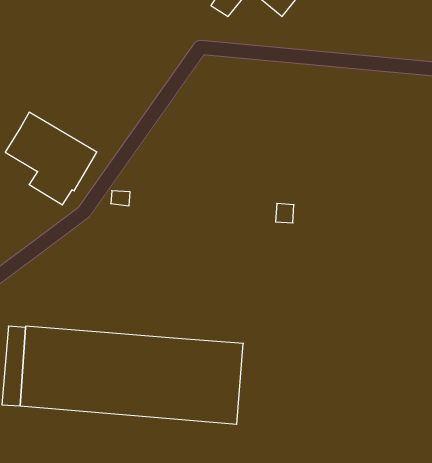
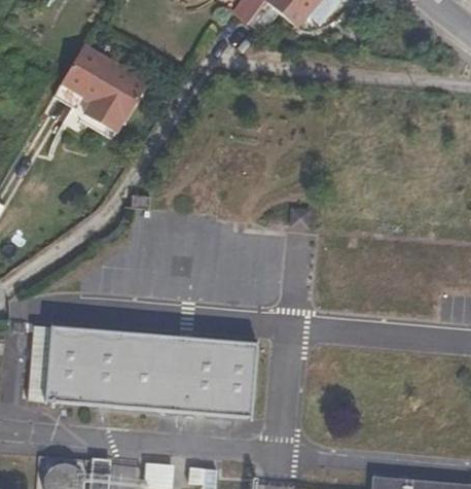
building: [5,112,97,205] -> [58,50,145,139]

